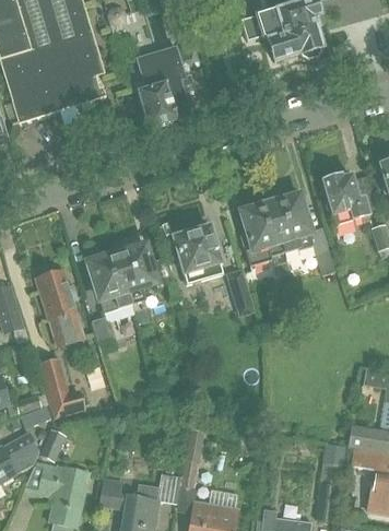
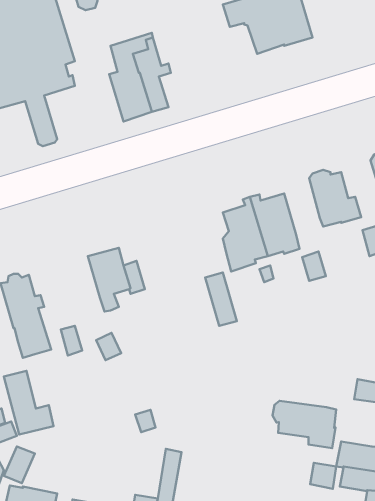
building: [173,225,224,284] -> none
building: [87,251,132,311] -> none
building: none -> [272,401,336,448]

